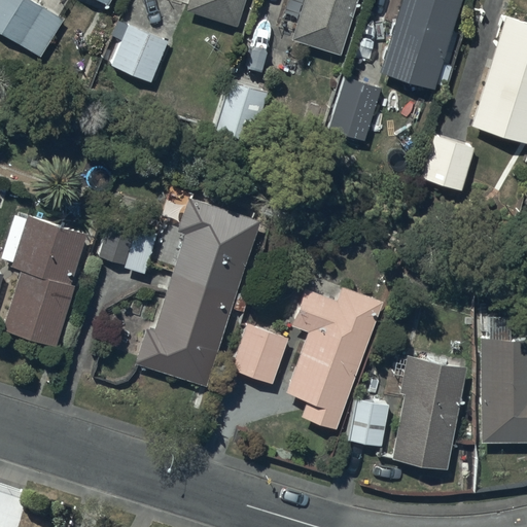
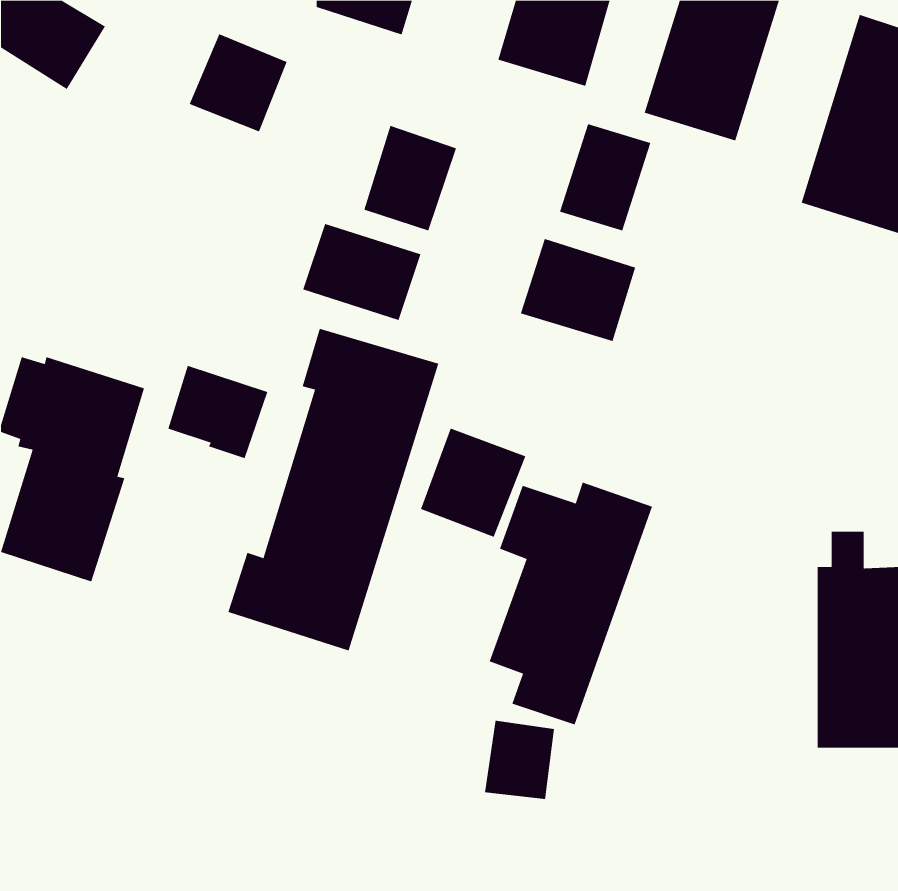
building: [420,136,473,190] -> none
building: none -> [302,223,421,321]
building: none -> [520,238,636,342]
building: [227,322,289,386] -> [420,428,526,537]
building: [392,354,465,468] -> none
building: [349,399,390,446] -> [484,720,555,799]

